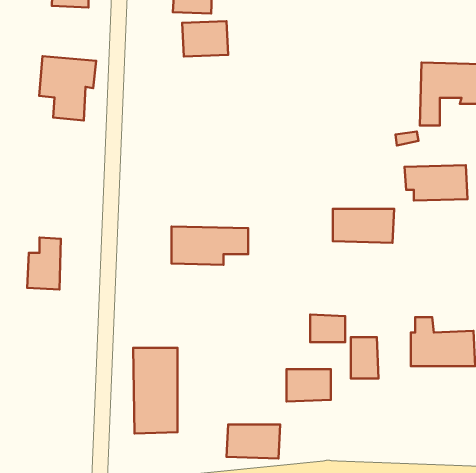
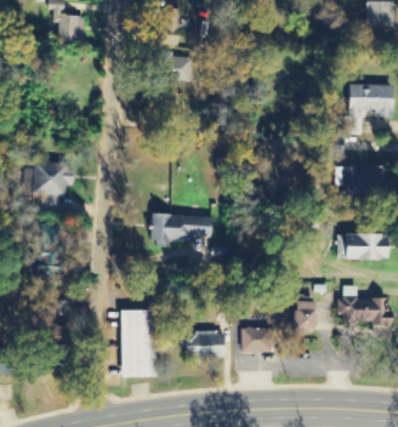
building: [39,56,96,120] -> [28,159,73,210]
building: [333,209,394,243] -> [336,233,385,260]
building: [310,315,345,342] -> none
building: [226,425,280,458] -> [181,331,223,358]

